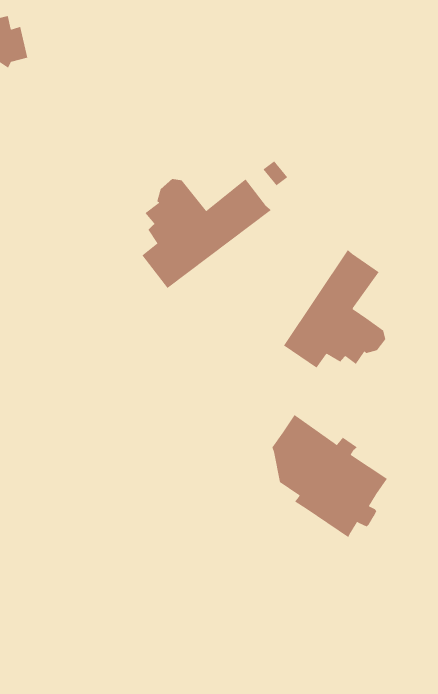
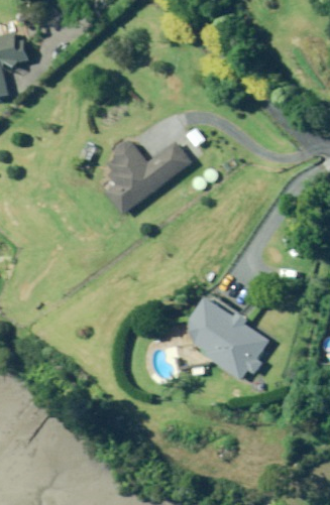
building: [283,249,386,369] -> none

